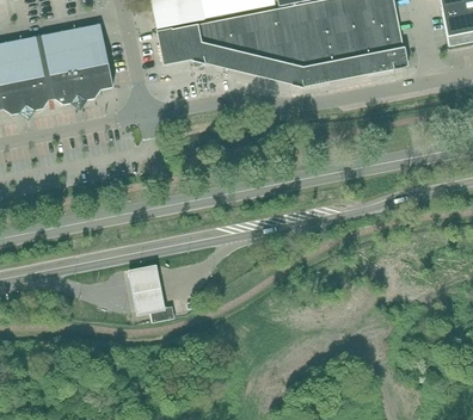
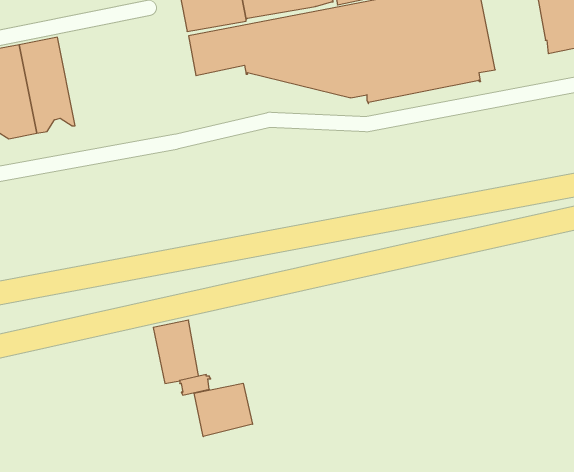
building: [50,23,112,104] -> none
building: none -> [194,383,253,437]

